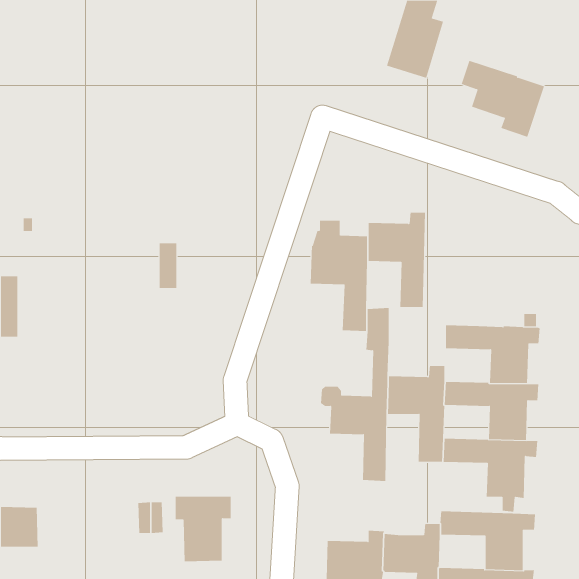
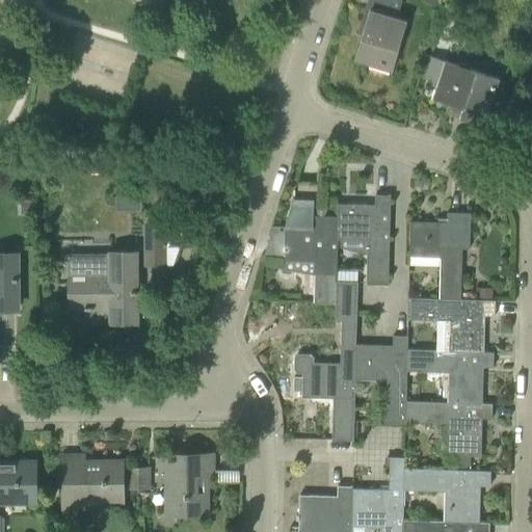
building: none -> [409,213,471,300]
building: none -> [70,254,136,323]
building: none -> [63,456,123,509]

